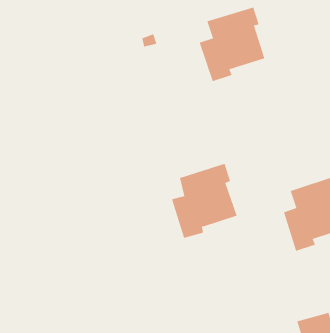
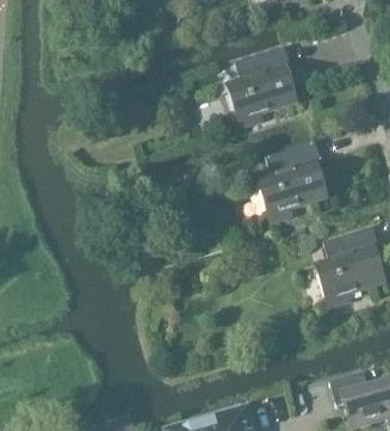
building: [171,163,238,238] -> [258,141,328,221]

